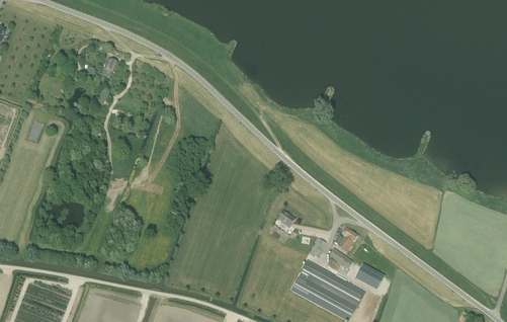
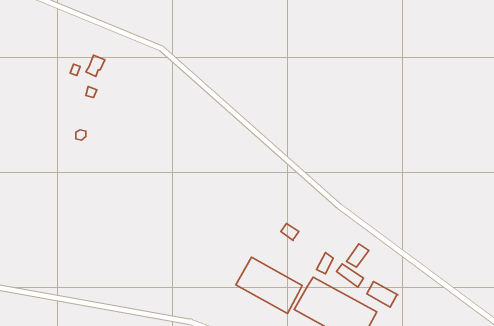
building: none -> [236,257,302,313]

